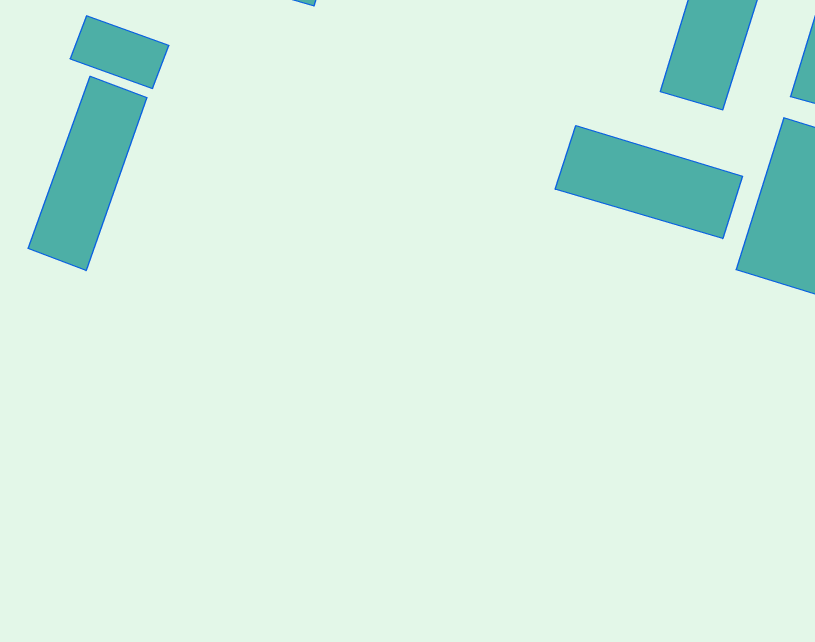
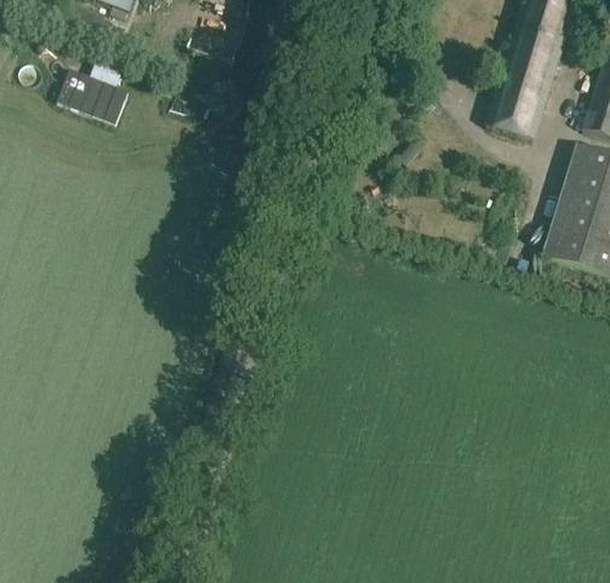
building: [28,76,147,271] -> none
building: [555,126,742,239] -> none

